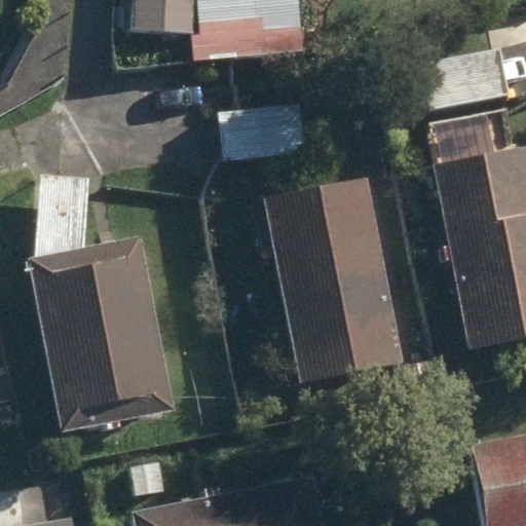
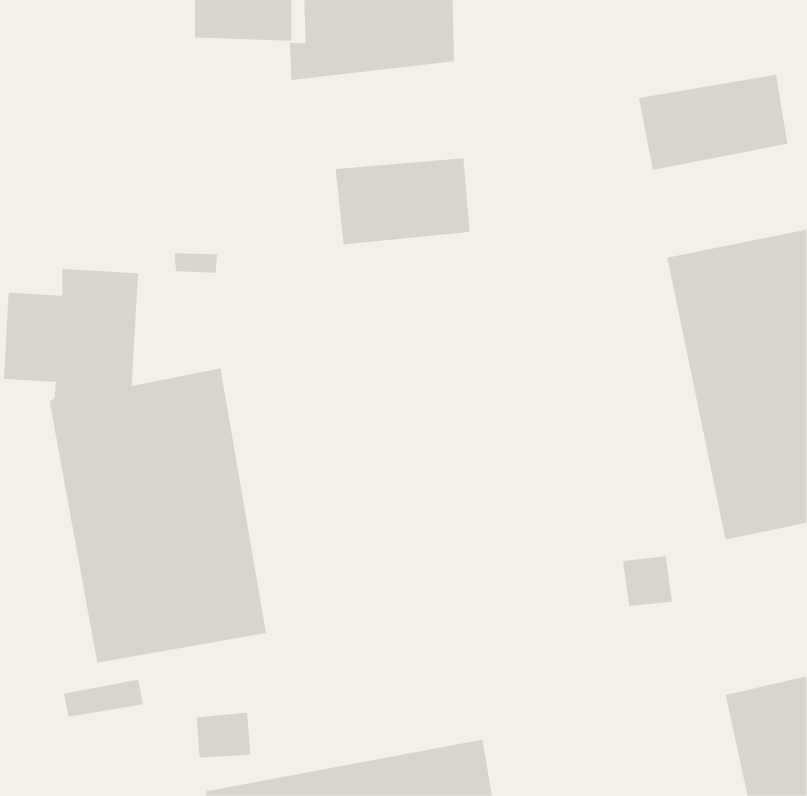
building: [264,178,402,384] -> none

